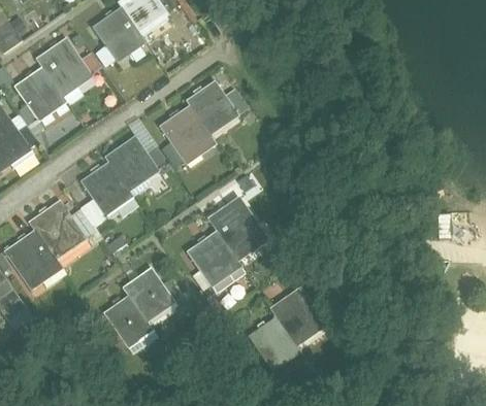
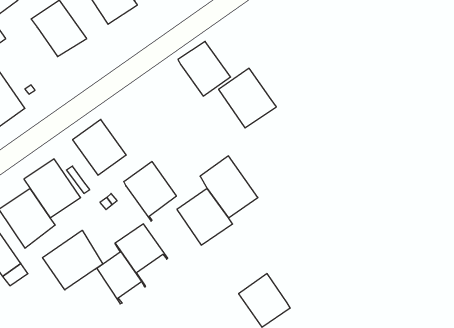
building: [14,66,68,122] -> none
building: [159,104,218,165] -> [219,68,276,128]
building: [106,135,160,196] -> [124,162,176,221]
building: none -> [43,230,103,290]
building: [271,287,327,346] -> none

